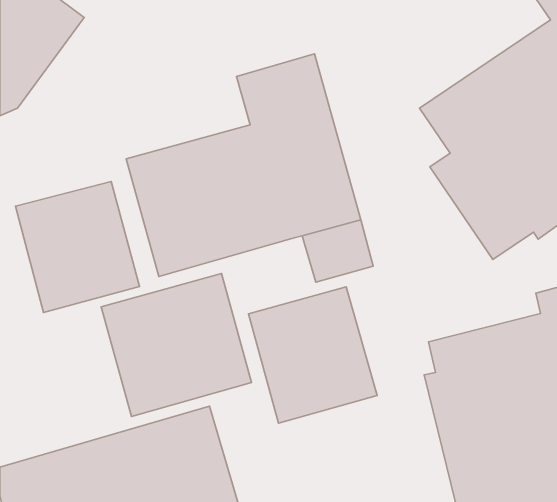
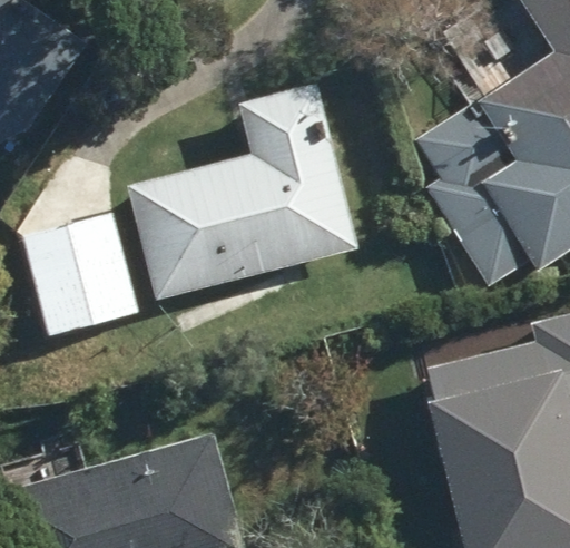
building: [101,274,252,417] -> none
building: [248,287,377,423] -> none

